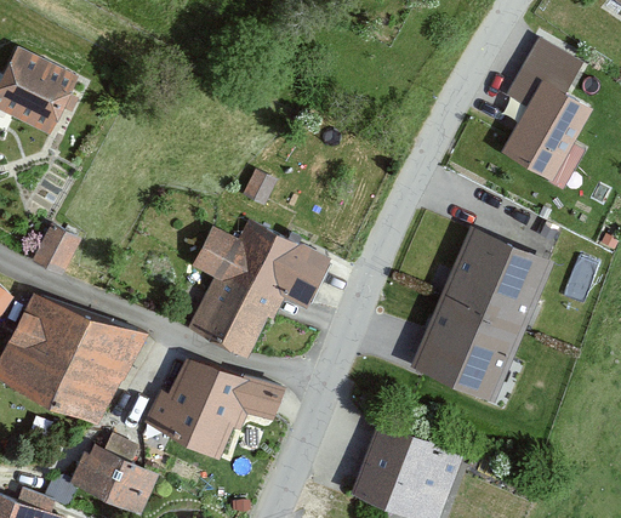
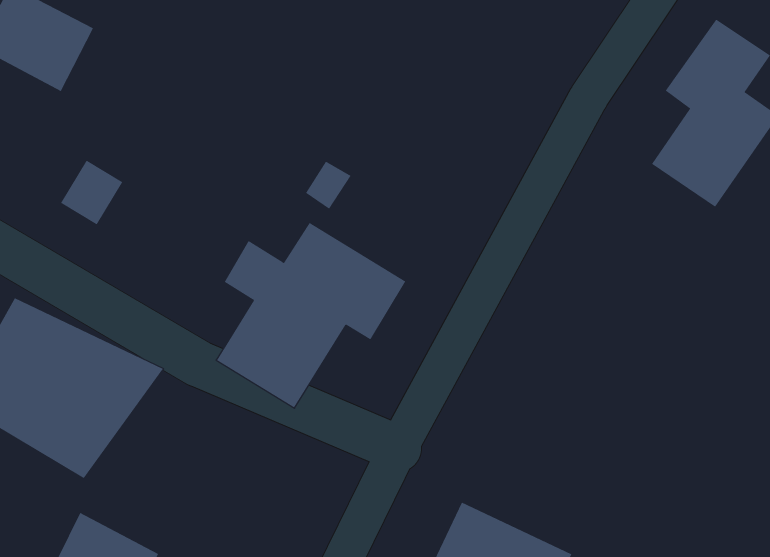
building: [32,222,78,271] -> [60,160,123,225]
building: [412,227,554,402] -> none
building: [143,351,279,451] -> none

